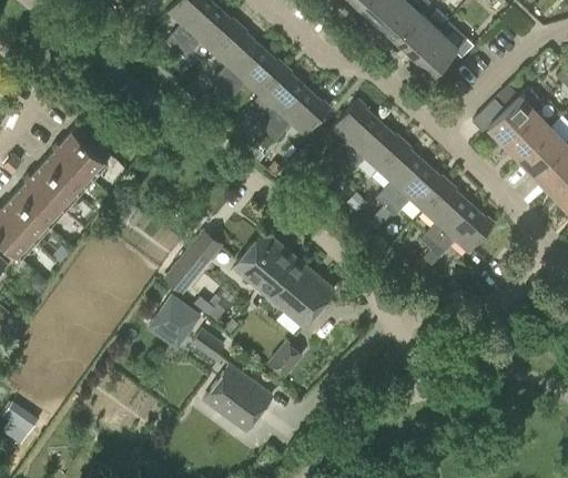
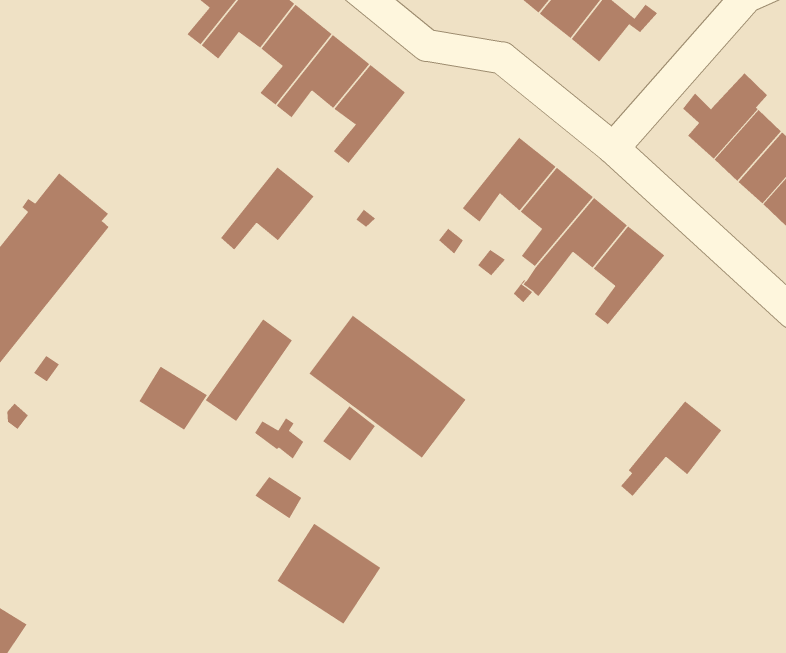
building: [266,87,329,140] -> [220,166,315,250]
building: [329,100,378,164] -> none
building: [424,203,493,264] -> [620,400,722,497]
building: [154,295,200,338] -> [139,366,208,431]
building: [267,340,303,377] -> [322,406,376,462]

